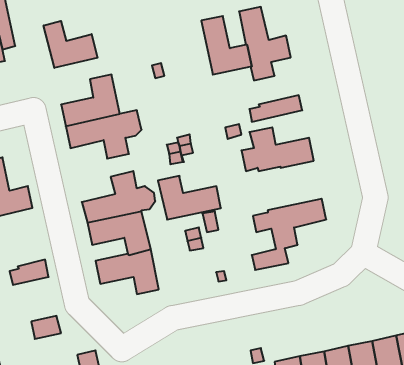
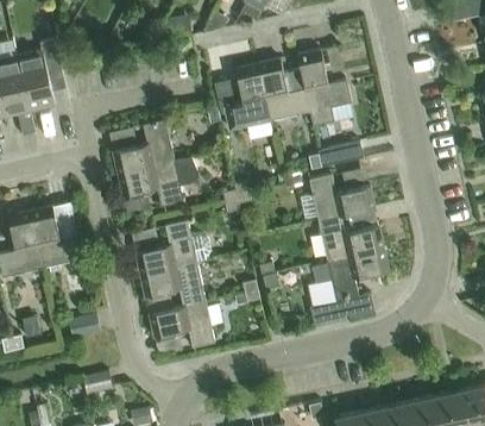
building: none -> [225,64,271,130]
building: [44,21,98,68] -> none
building: [158,176,221,220] -> [319,215,384,261]

